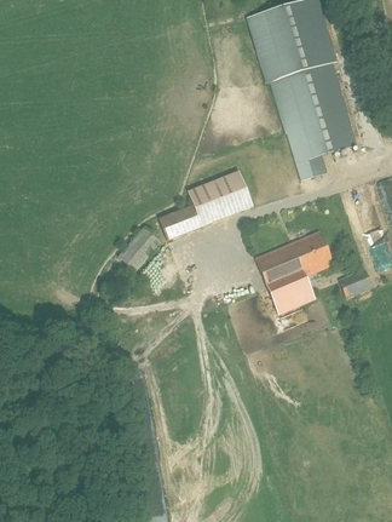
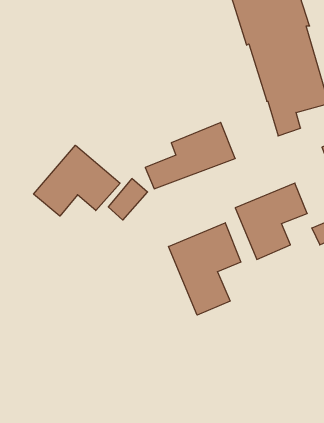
building: none -> [34,145,120,216]
building: none -> [169,223,241,315]

